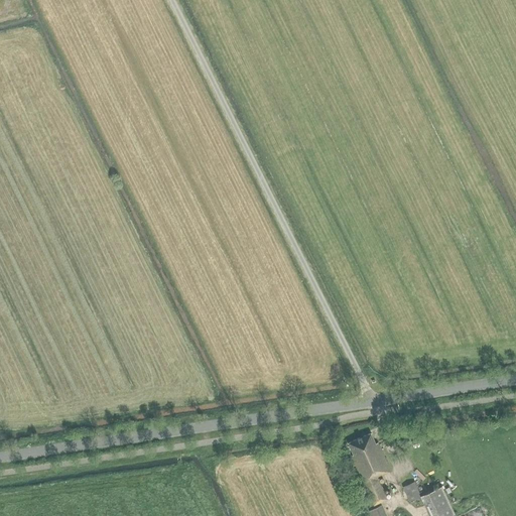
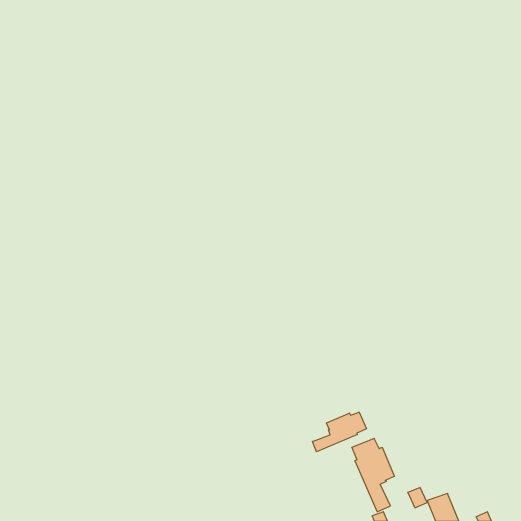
building: none -> [313,412,367,452]

